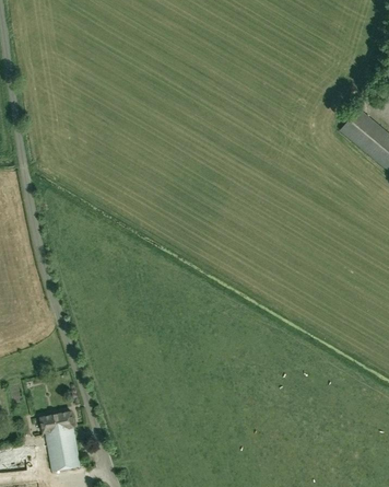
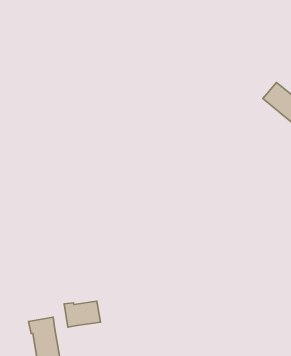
building: none -> [64,301,100,327]

